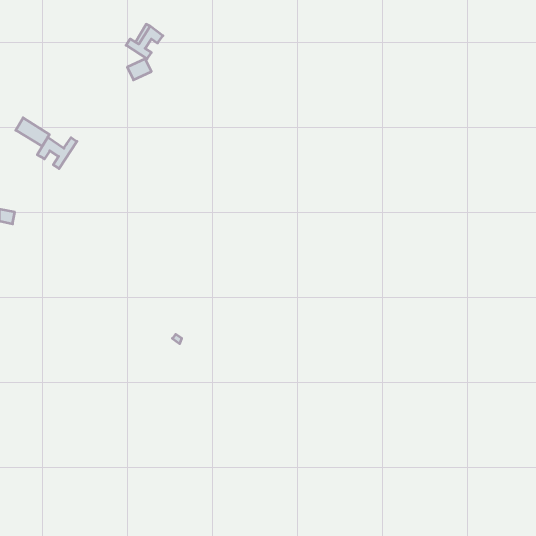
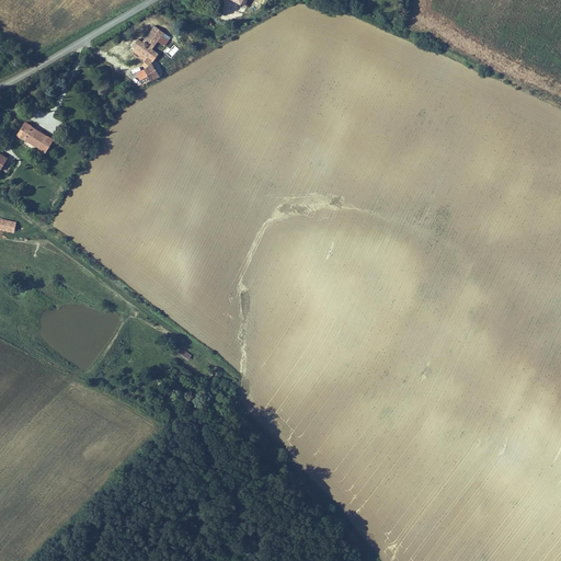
building: [37,137,77,169] -> none

